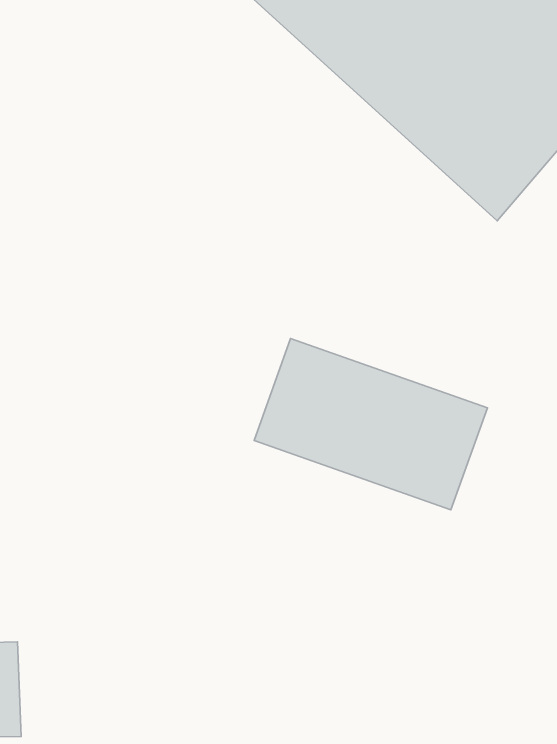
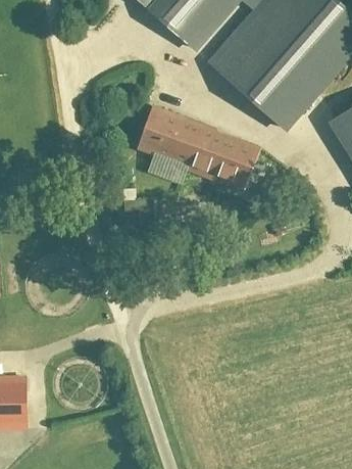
building: [254,338,487,510] -> [131,107,261,203]

